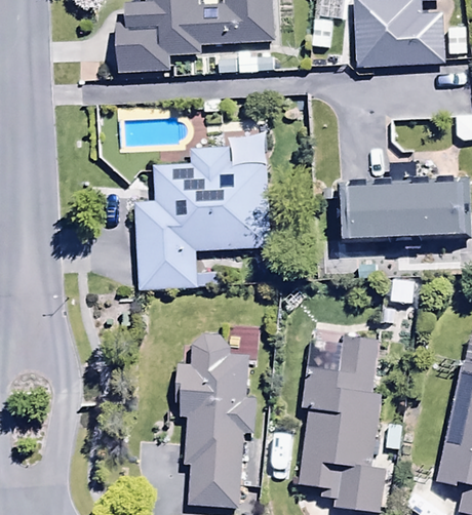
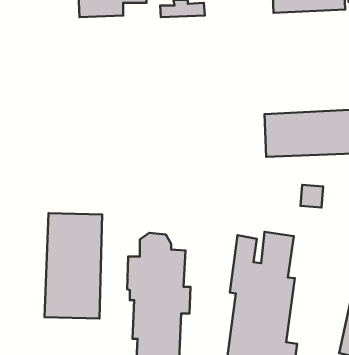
building: [133,144,271,292] -> none
building: none -> [45,213,102,319]

